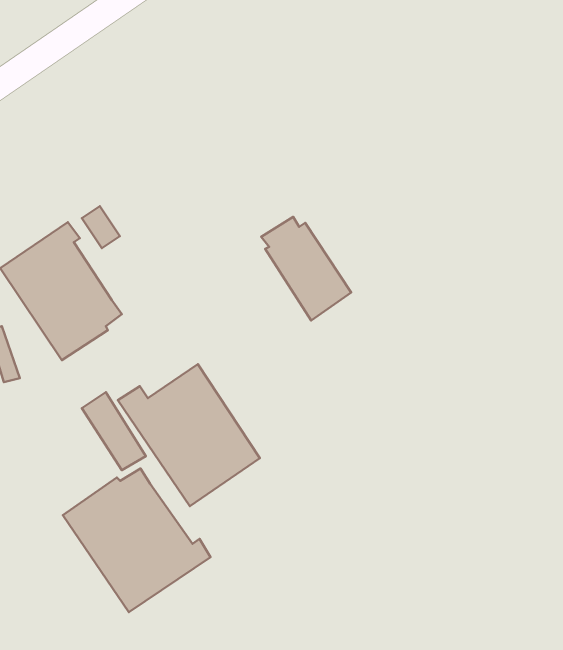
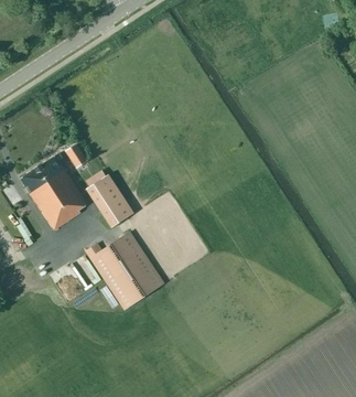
building: [261,217,351,321] -> [84,171,133,228]
building: [63,468,210,612] -> none

